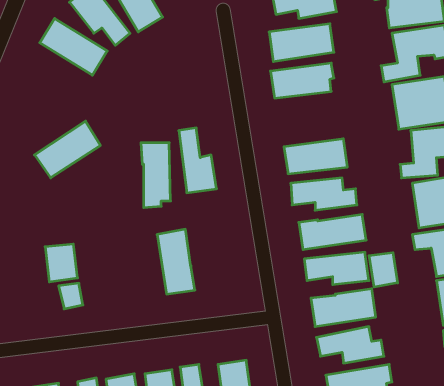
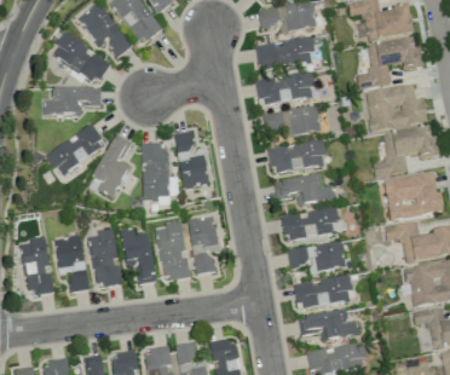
building: none -> [46,87,102,115]
building: none -> [264,105,322,137]
building: none -> [88,134,131,198]
building: none -> [189,215,218,275]
building: none -> [90,227,122,287]
building: none -> [121,227,156,283]
building: none -> [23,236,53,294]
building: [369,253,398,287] -> none

